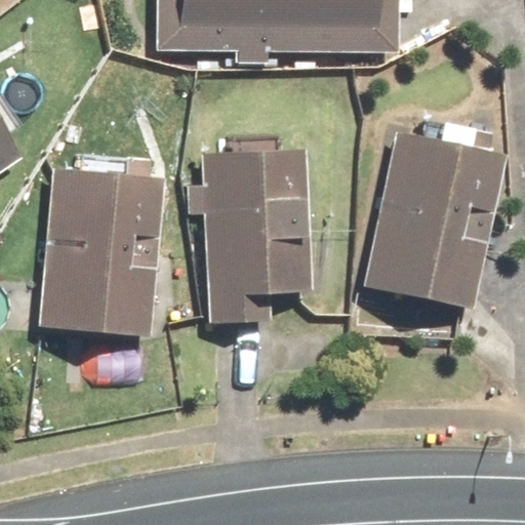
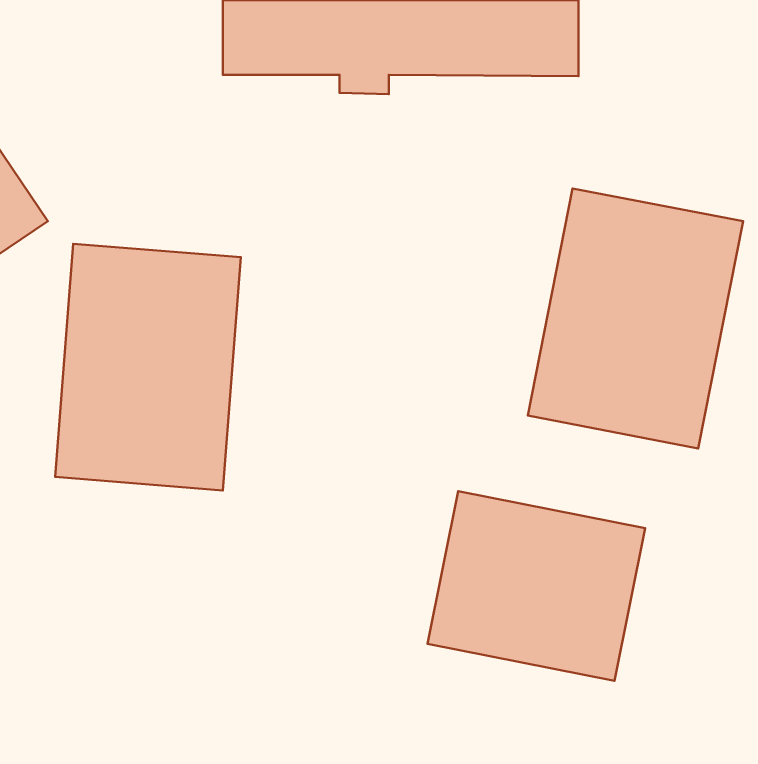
building: [185,147,315,327] -> none
building: none -> [428,491,645,681]

